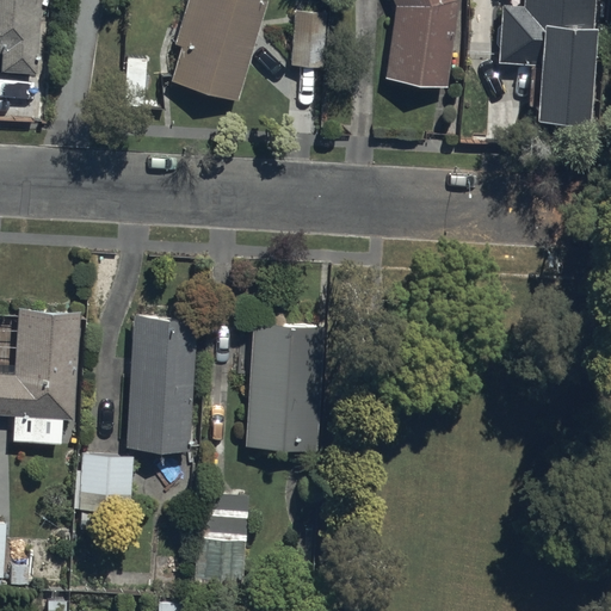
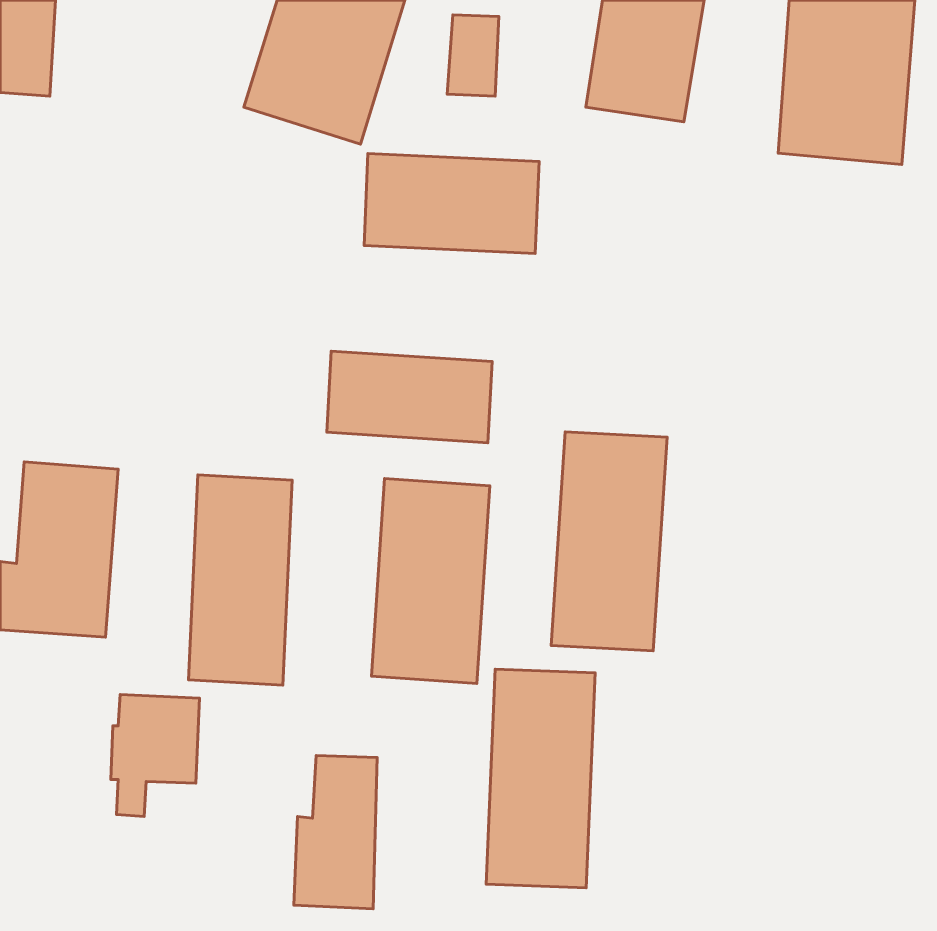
building: none -> [364,154,539,254]
building: none -> [327,351,492,443]
building: none -> [551,432,667,651]
building: none -> [486,669,595,888]

